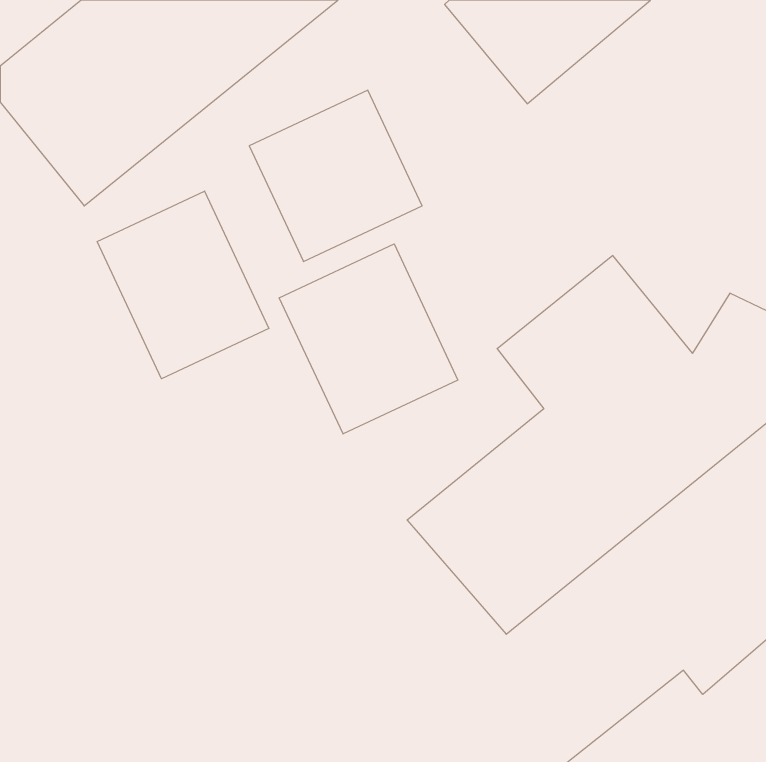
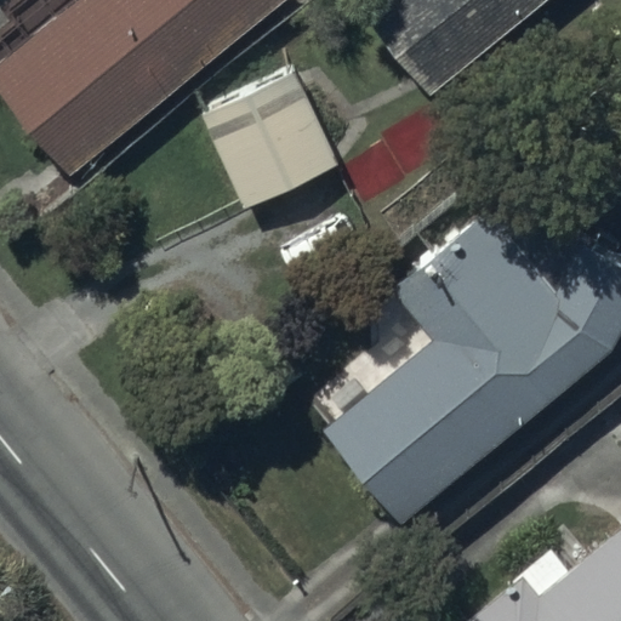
building: [97,191,269,379] -> none
building: [279,244,458,434] -> none

